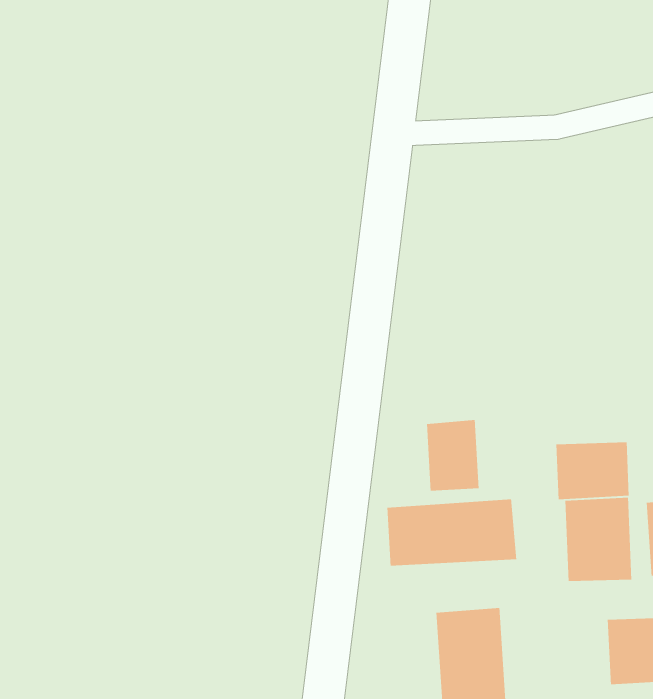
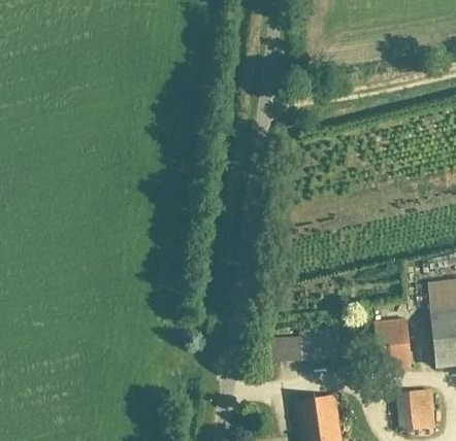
building: [426,419,479,491] -> none
building: [556,441,630,500] -> none

